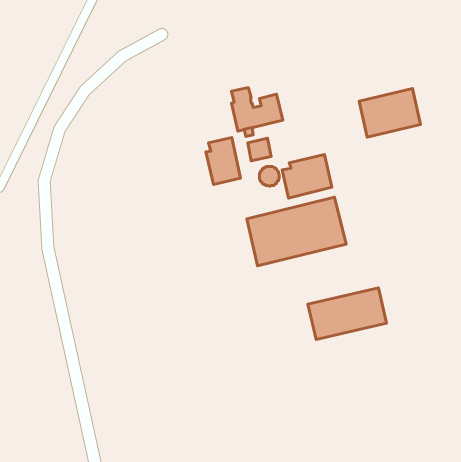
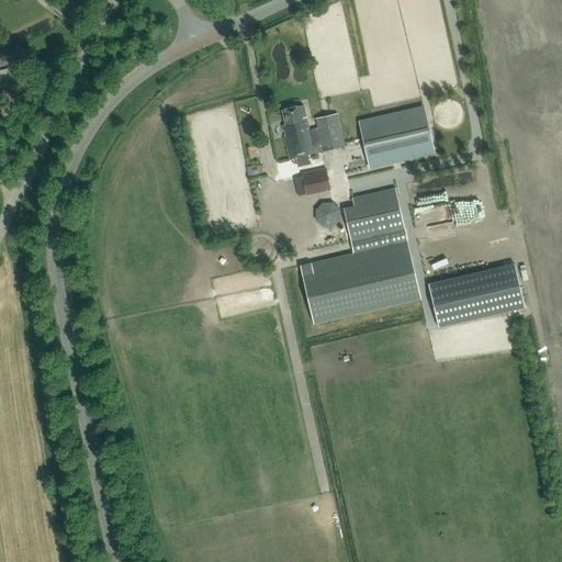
building: [359,88,421,137] -> [358,106,432,166]
building: [206,137,240,185] -> none
building: [308,288,387,339] -> [428,265,524,327]

